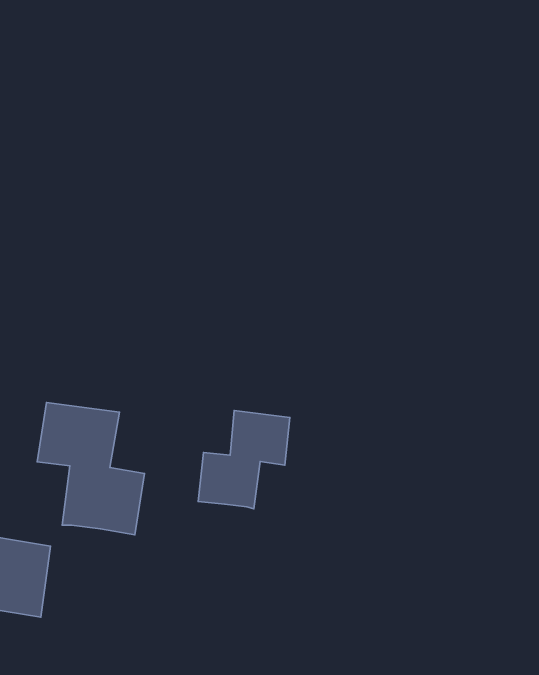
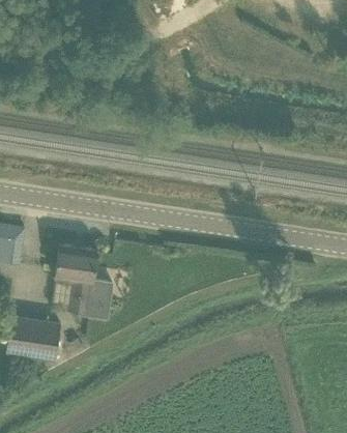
building: [198,410,290,509] -> none

